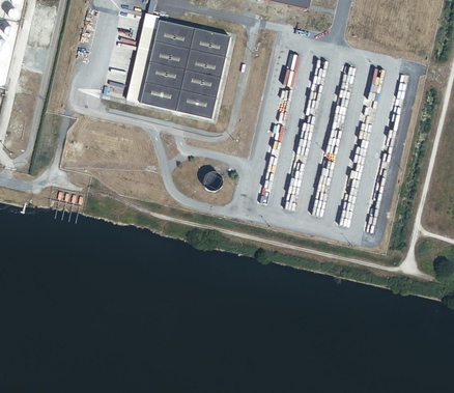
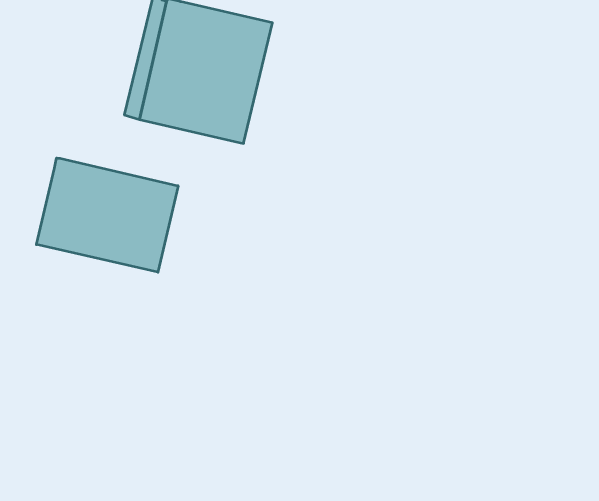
building: none -> [36,158,178,272]

